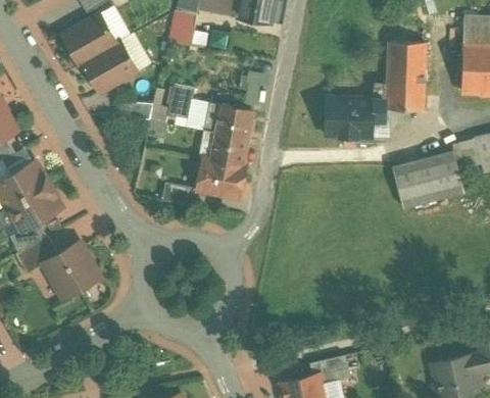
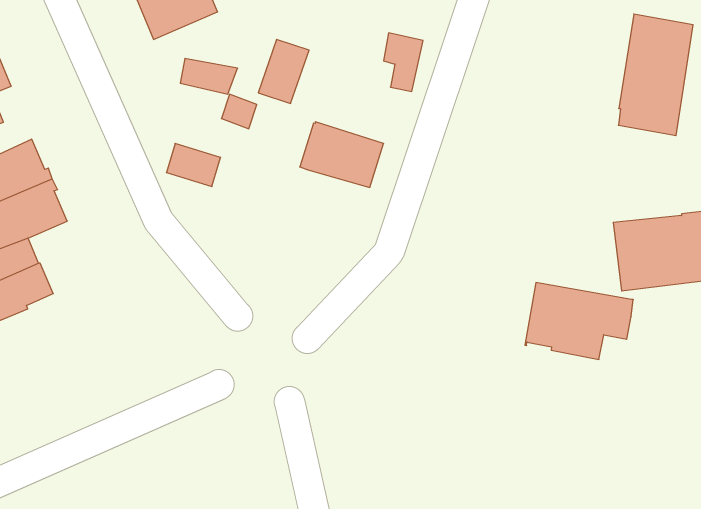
building: [326,97,388,139] -> [525,283,633,359]
building: [204,103,253,139] -> none
building: [198,160,245,198] -> none
building: [162,183,194,206] -> [166,143,221,187]
building: [43,242,100,299] -> none

